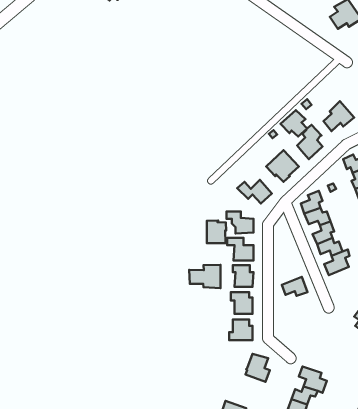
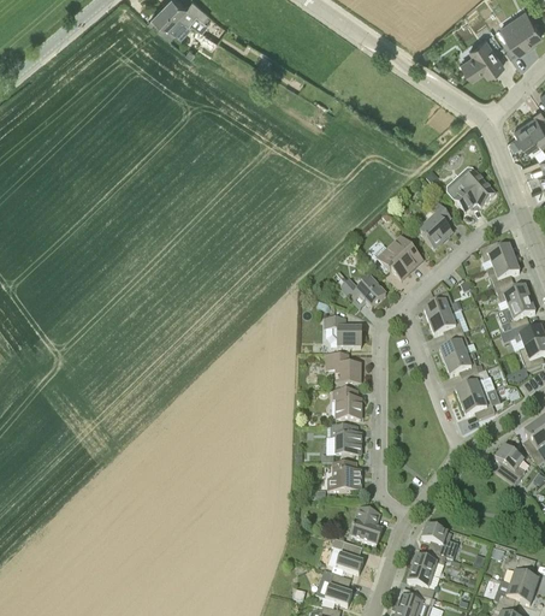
building: [281,110,307,137] -> none
building: [207,220,226,243] -> none
building: [189,265,221,288] -> none
building: [282,277,307,296] -> [461,391,494,416]
building: none -> [328,537,363,573]

